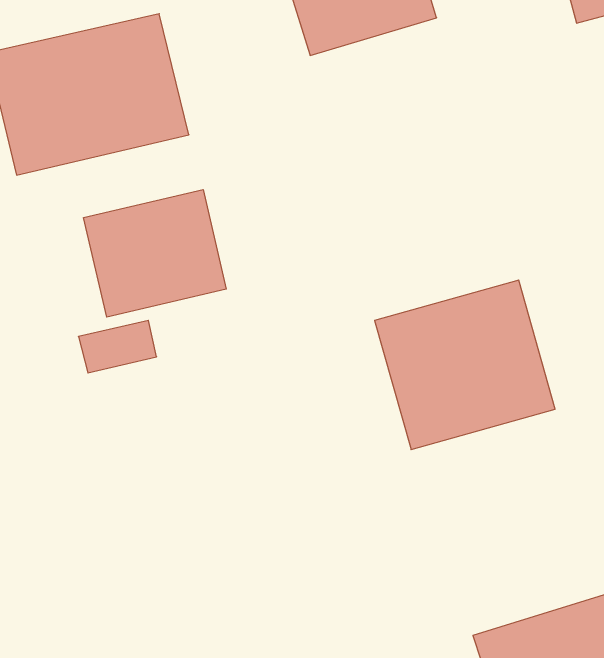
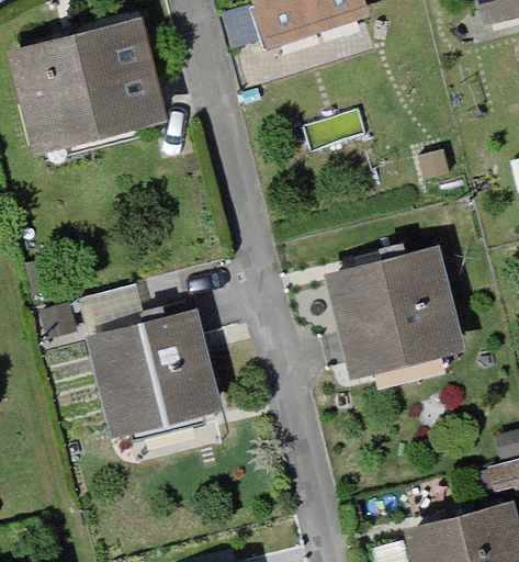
building: [84,190,226,317] -> none
building: none -> [79,307,230,439]

